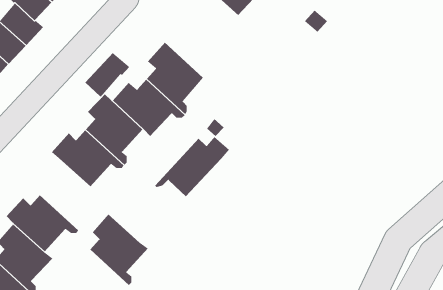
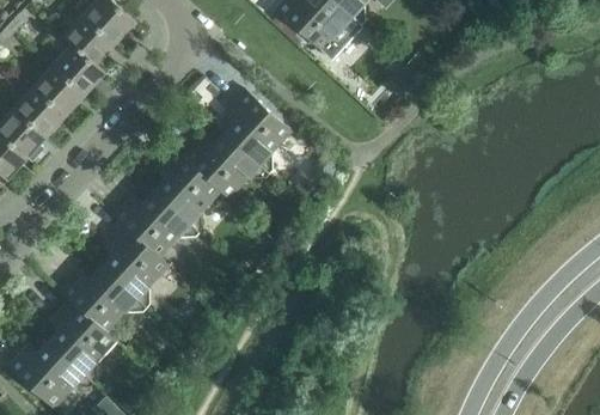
building: [84,52,130,98] -> none
building: [155,136,230,197] -> none
building: [90,213,149,286] -> [102,224,170,307]

